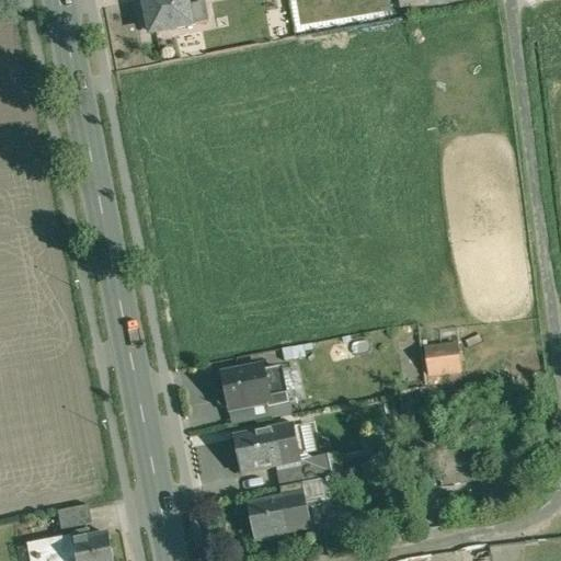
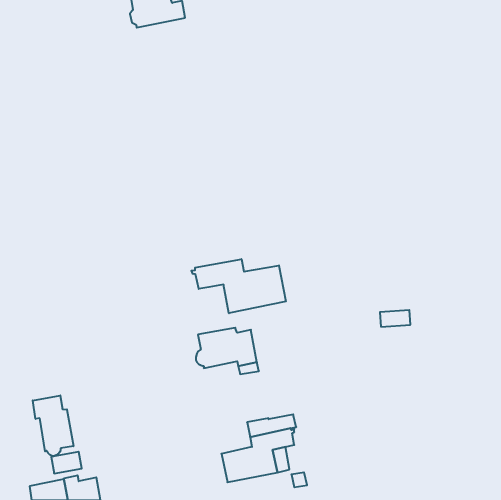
building: none -> [191,259,286,313]
building: [232,425,298,472] -> none
building: none -> [33,395,73,456]

